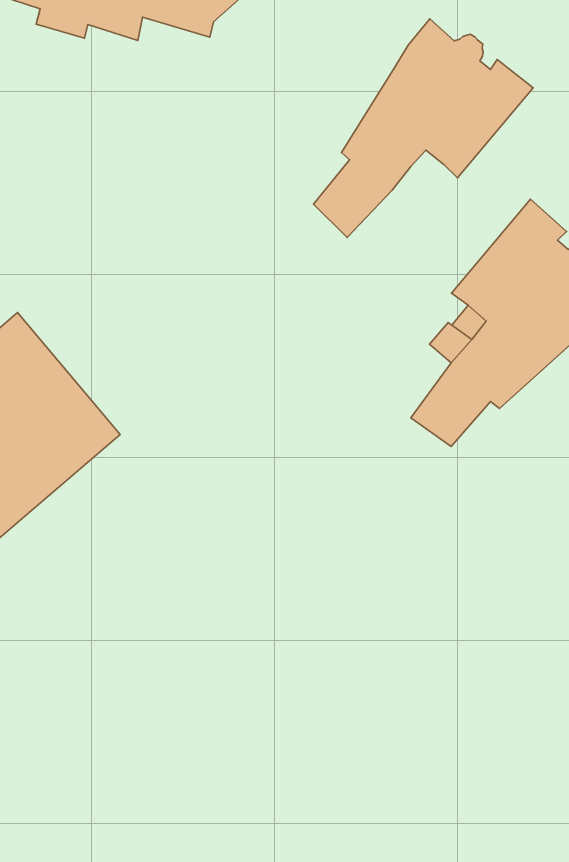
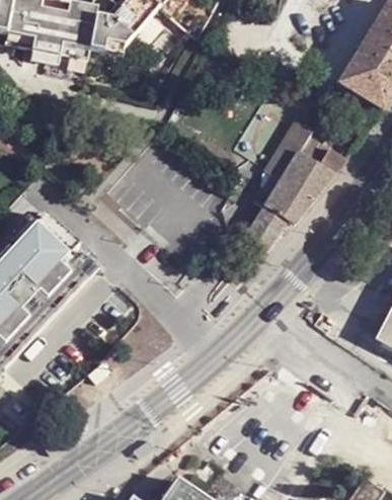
building: [314,19,533,237] -> none

